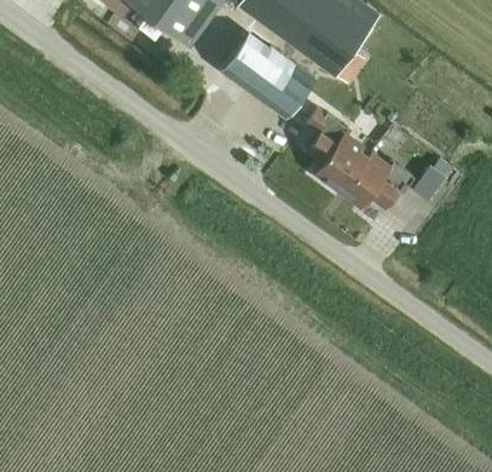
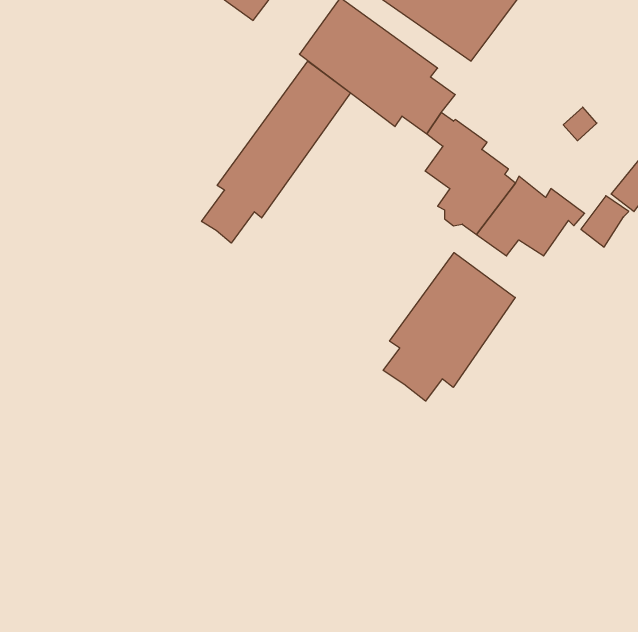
building: none -> [202,61,350,243]
building: none -> [383,253,515,401]

